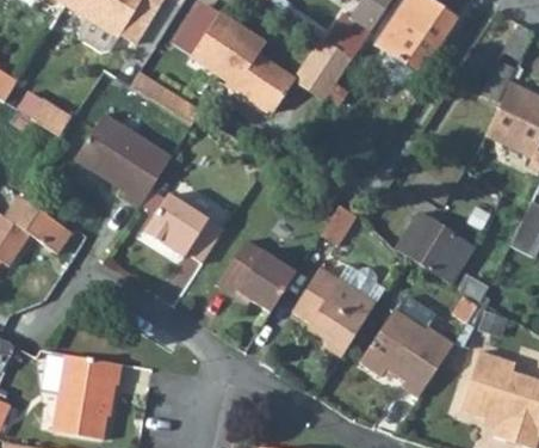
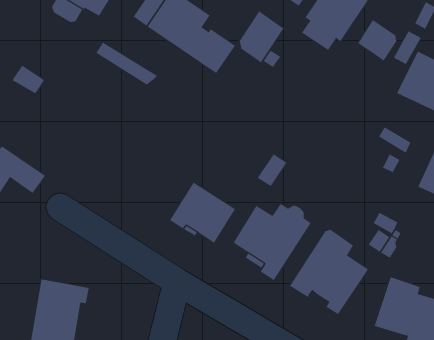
building: none -> [358,19,396,61]
building: [75,113,172,208] -> none
building: [144,194,224,263] -> none
building: [396,211,475,283] -> none

